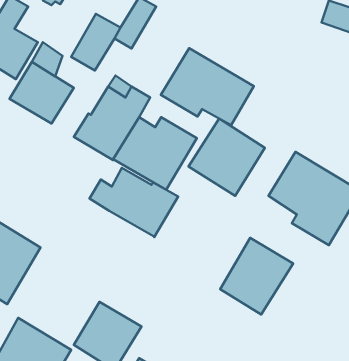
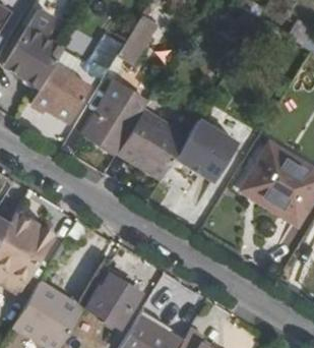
building: [161,48,254,125] -> none
building: [89,168,178,237] -> none
building: [220,238,293,315] -> none

